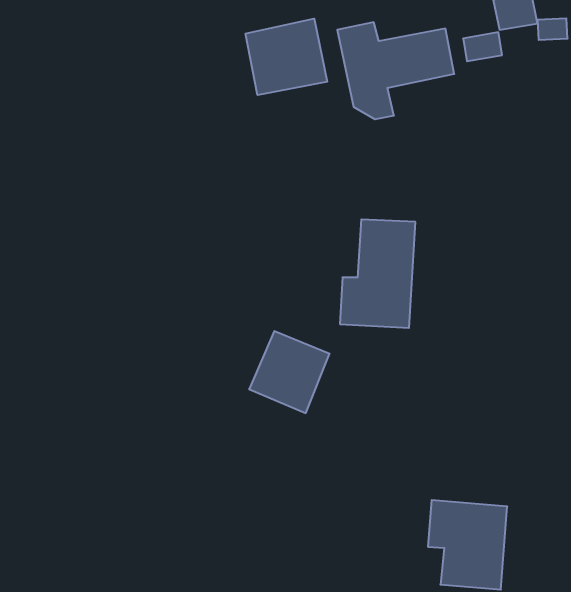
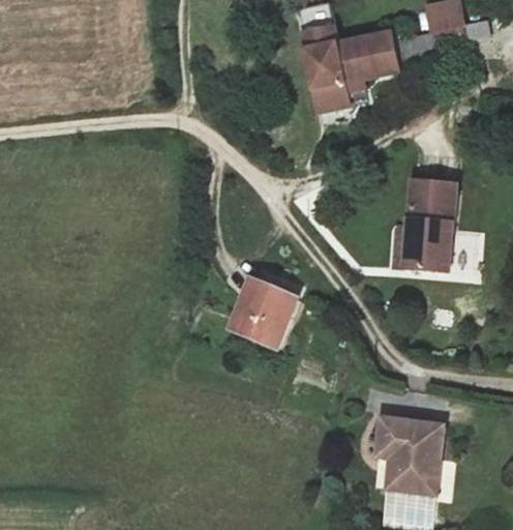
building: [246,19,327,95] -> none
building: [340,219,415,328] -> [393,180,455,269]

